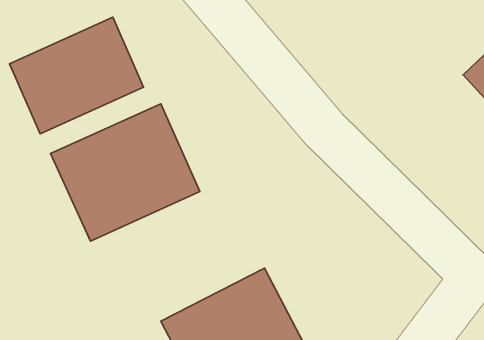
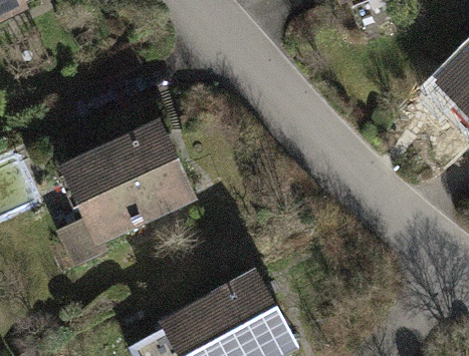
building: [9,17,144,134] -> none

